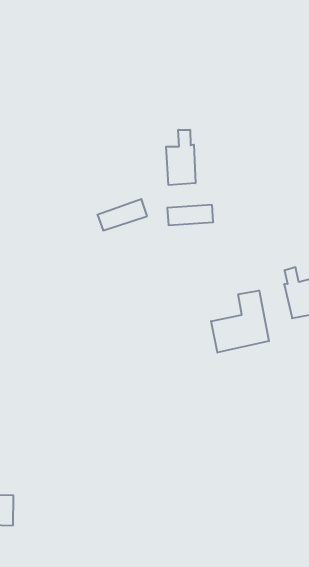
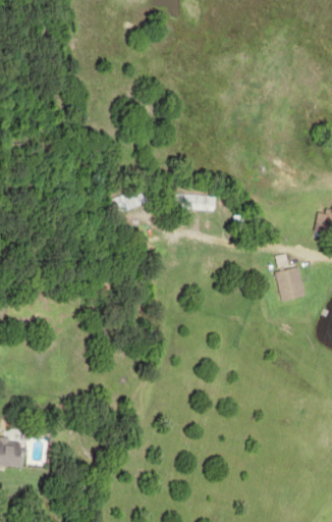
building: [166,130,195,185] -> none
building: [211,290,269,353] -> none

